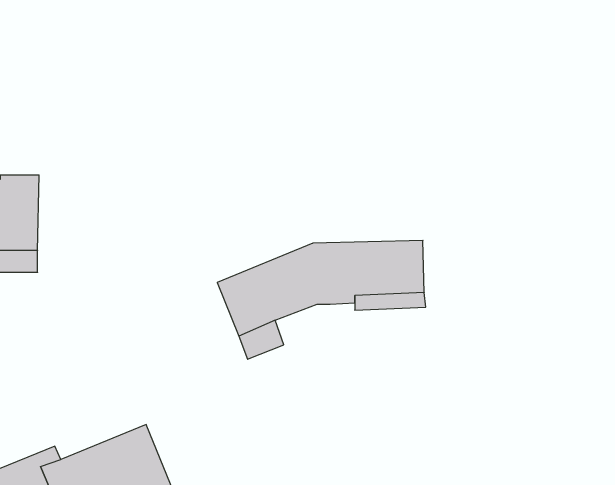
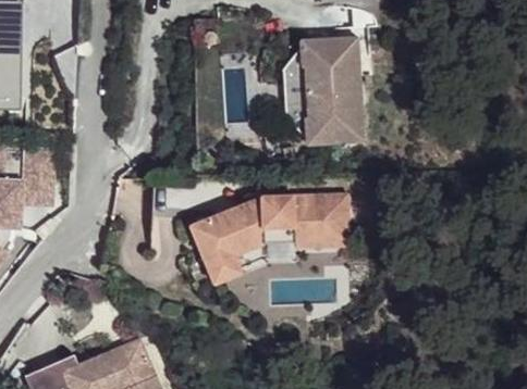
building: none -> [284,38,364,143]

